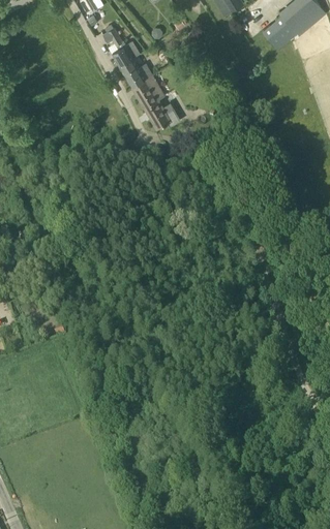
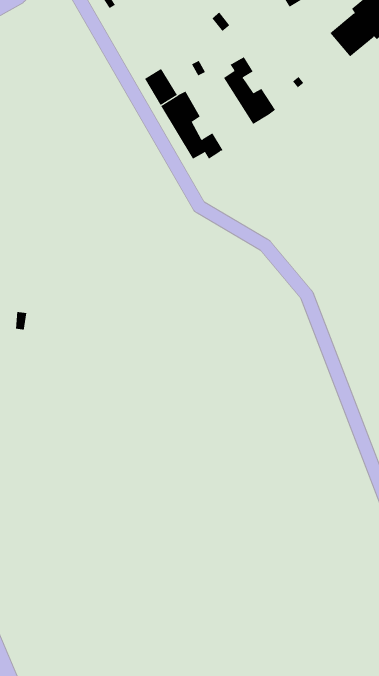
building: [103,25,140,62] -> none
building: none -> [223,56,276,125]

